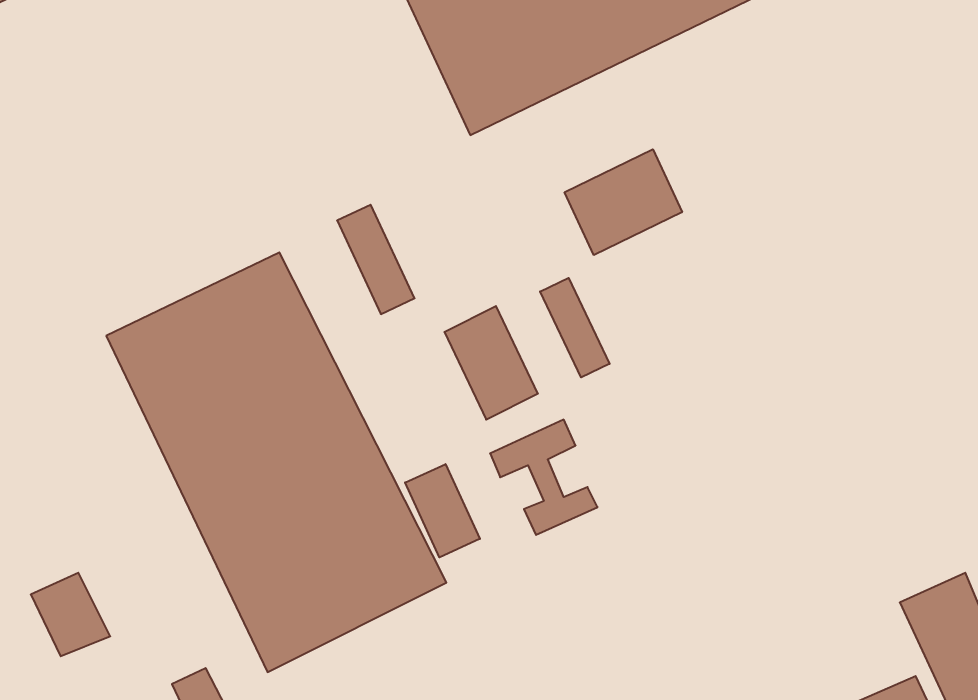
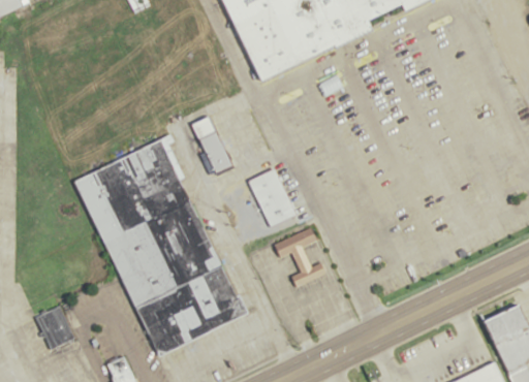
building: [565,149,682,255] -> none
building: [540,278,610,377] -> none
building: [405,464,480,557] -> none

